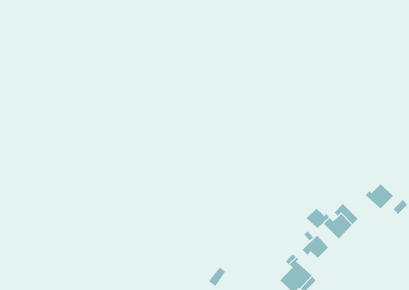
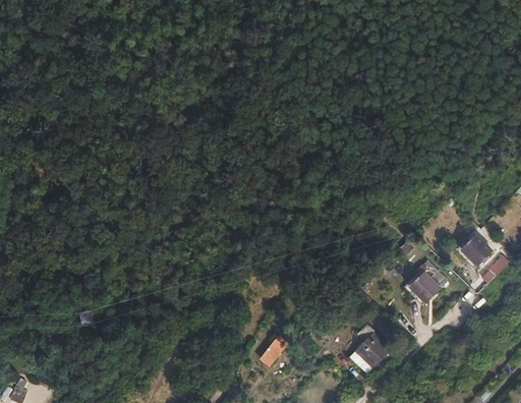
building: [306,208,330,229] -> none
building: [302,235,329,259] -> none

